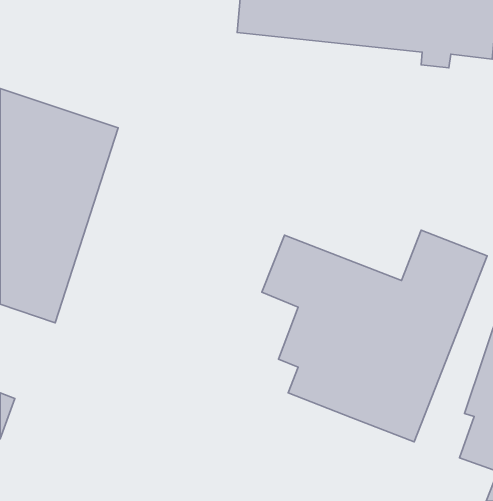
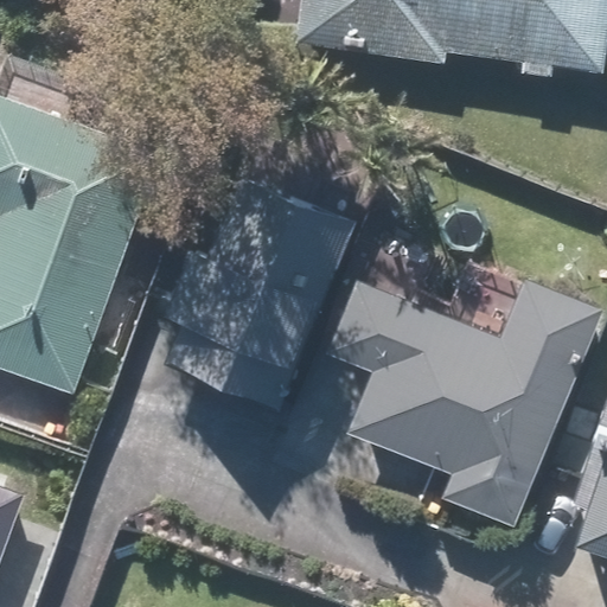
building: none -> [164,172,352,408]

